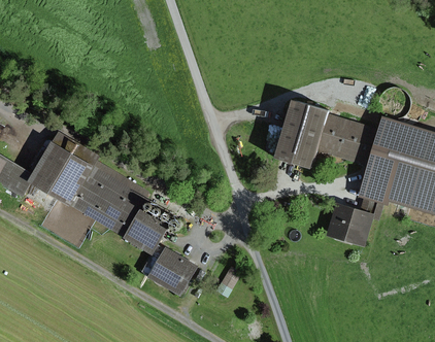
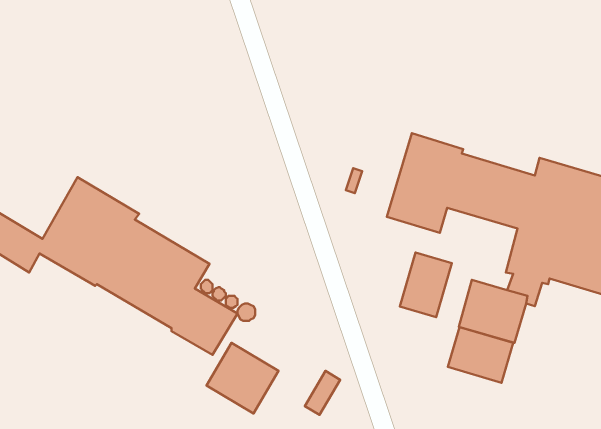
building: none -> [400,252,452,317]
building: none -> [448,327,513,383]

